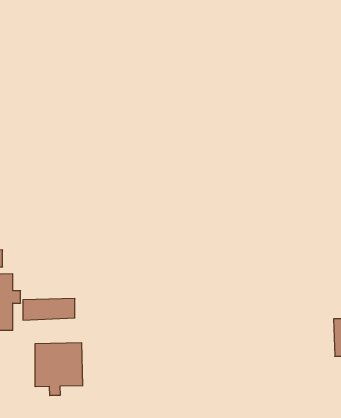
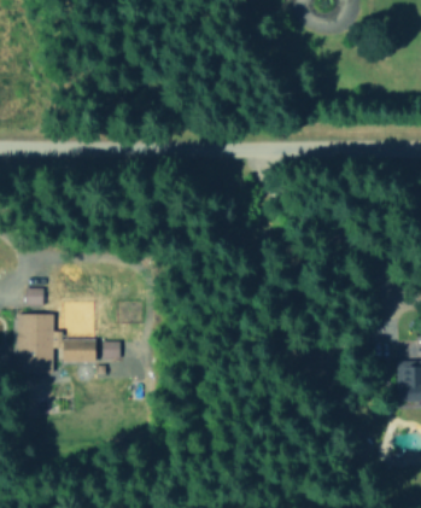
building: [35,343,83,396] -> none

